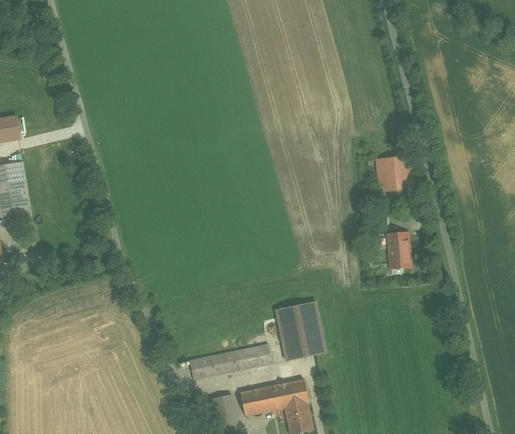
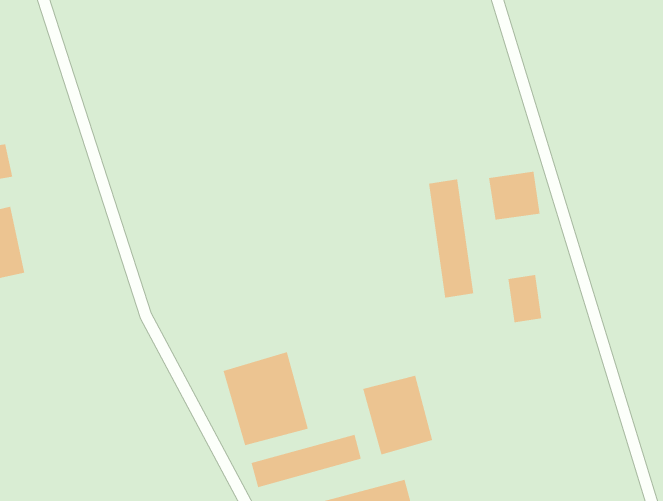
building: none -> [428,179,474,298]
building: none -> [222,351,309,446]

